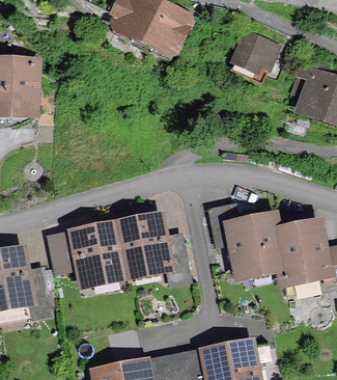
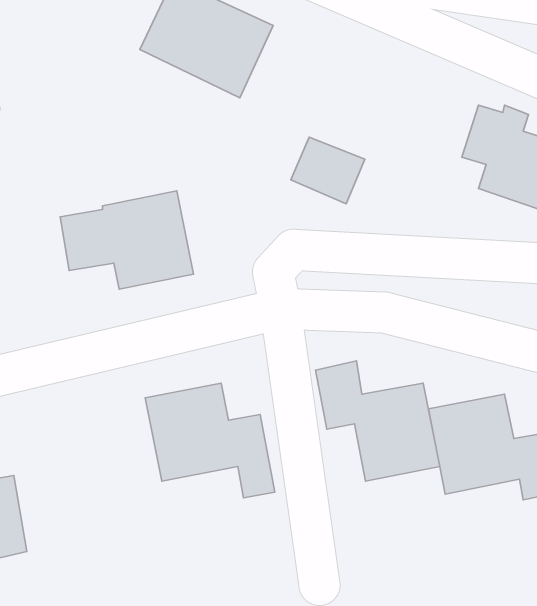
building: [235,31,277,69] -> [291,137,365,204]
building: [51,224,125,279] -> [60,191,193,289]

